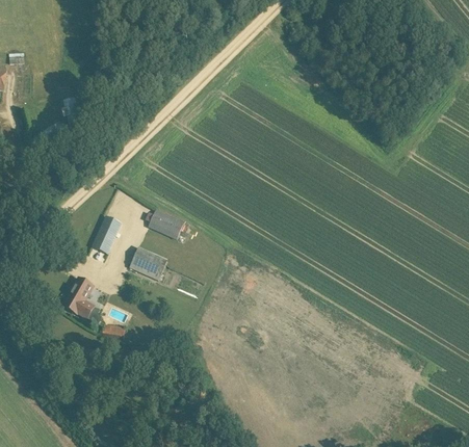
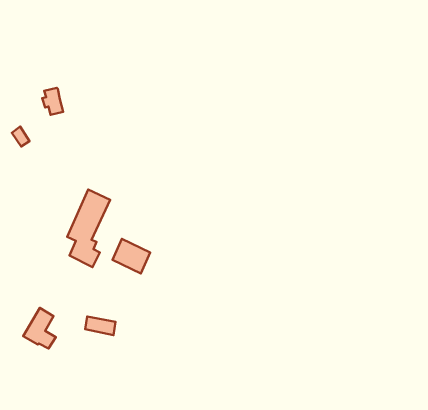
building: [150,210,185,239] -> none
building: [63,278,96,318] -> [23,308,56,349]

